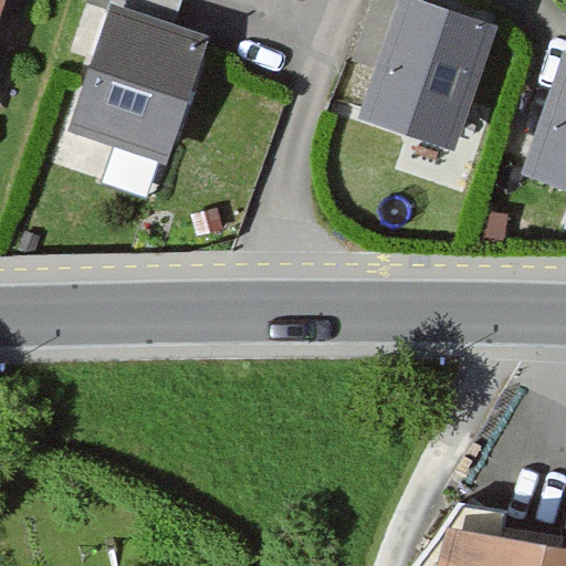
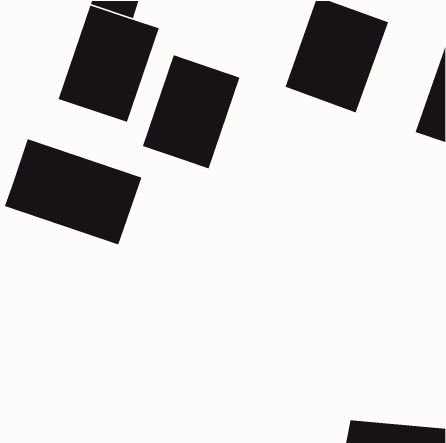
building: none -> [142,54,241,169]
building: none -> [4,138,142,246]

